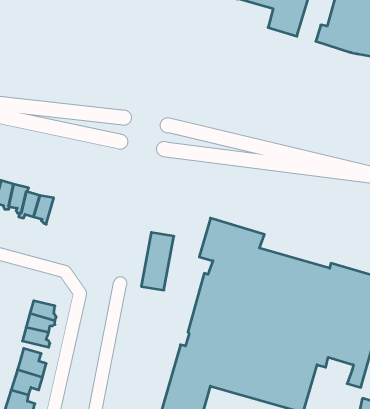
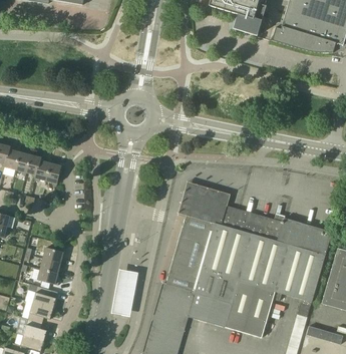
building: [141,232,174,290] -> [111,269,137,315]

